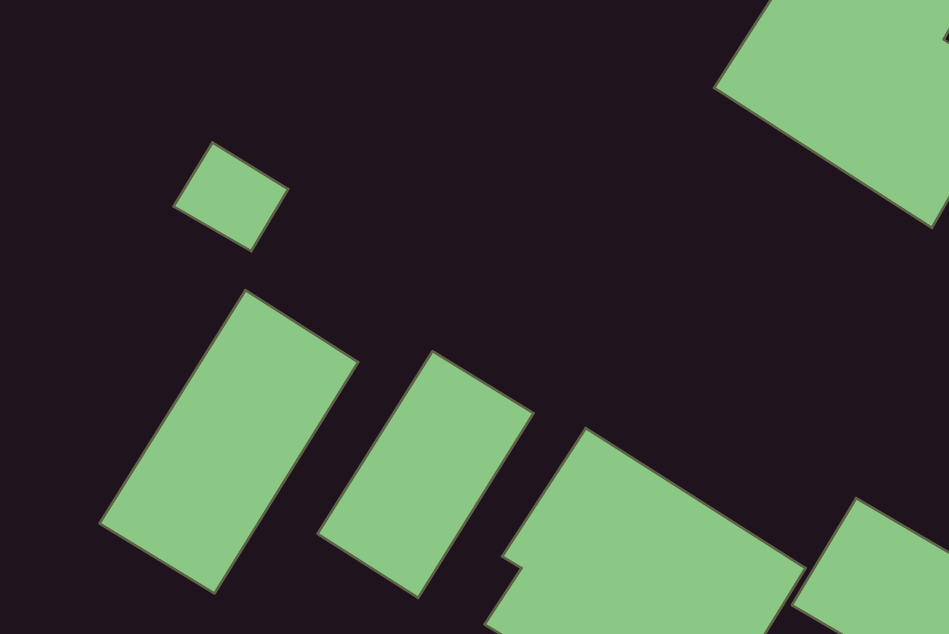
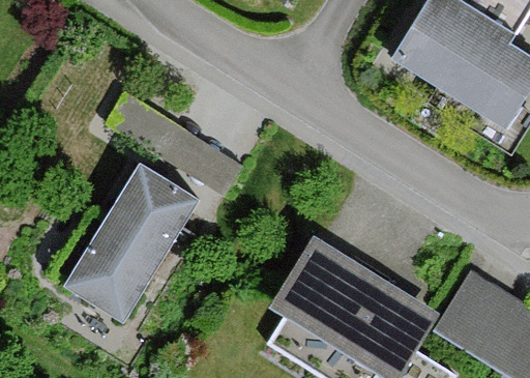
building: [318,351,534,598] -> none

